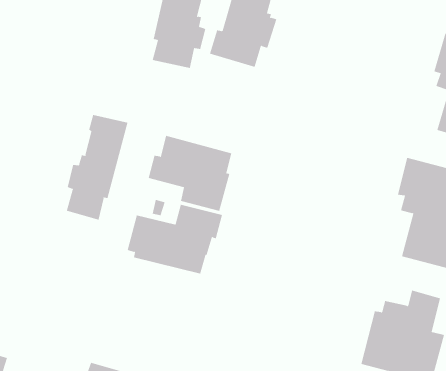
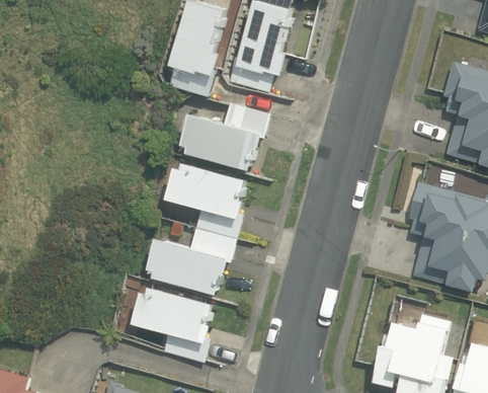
building: none -> [179,98,269,170]
building: [66,114,128,220] -> none
building: none -> [131,287,214,360]

